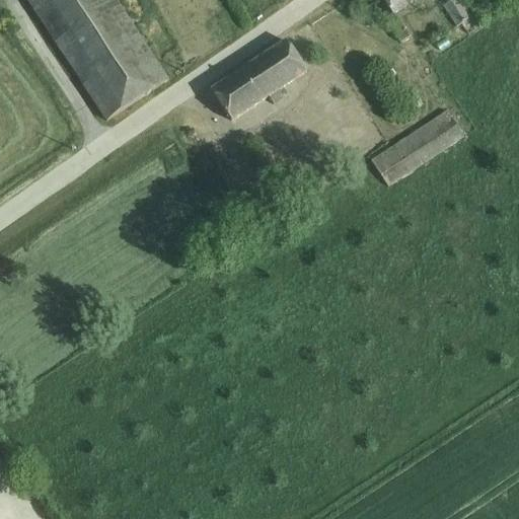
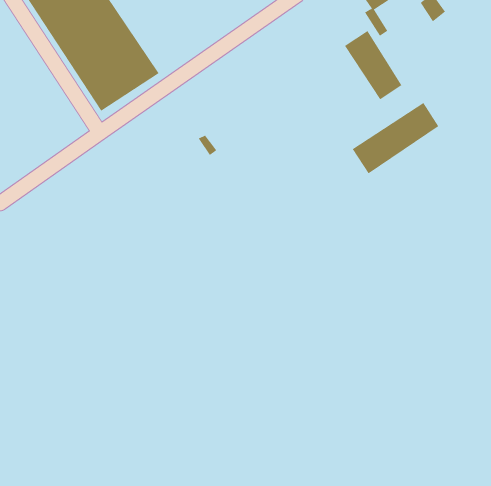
building: none -> [344,30,402,100]
building: [211,38,306,119] -> none

